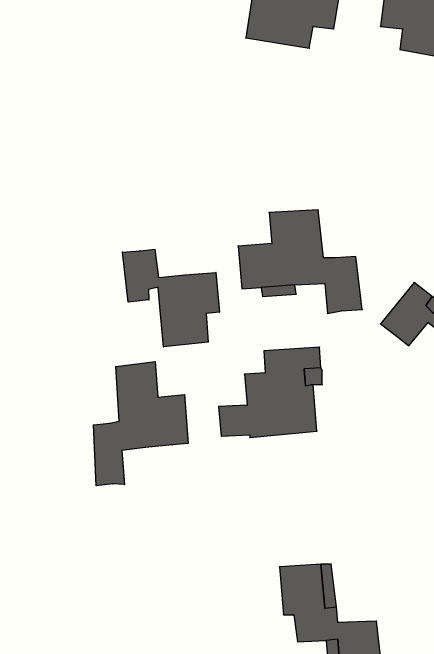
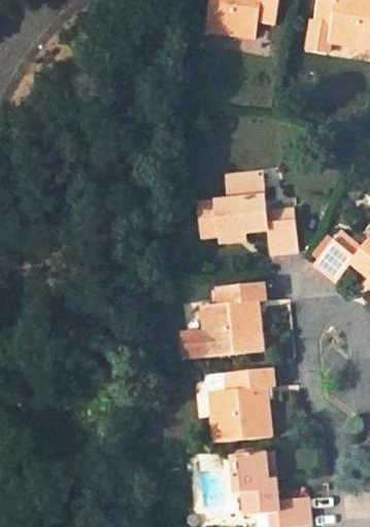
building: [123,249,219,347] -> none
building: [93,362,188,486] -> none
building: none -> [211,367,270,438]

